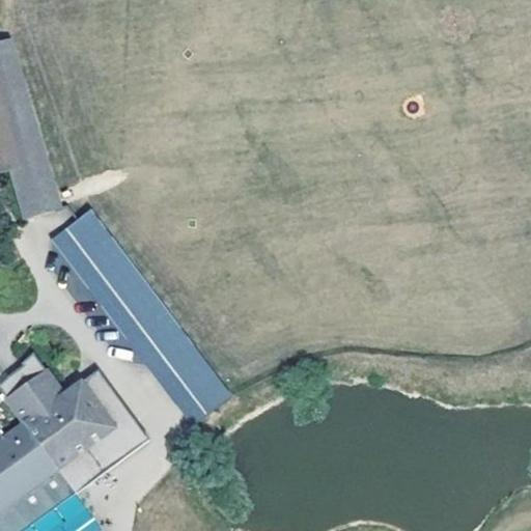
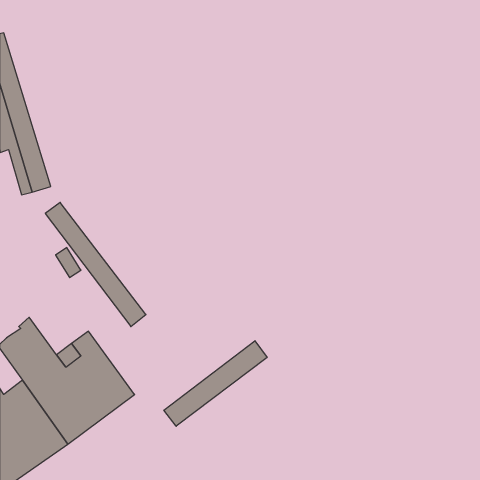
building: [66,208,228,422] -> none
building: none -> [164,341,267,426]

